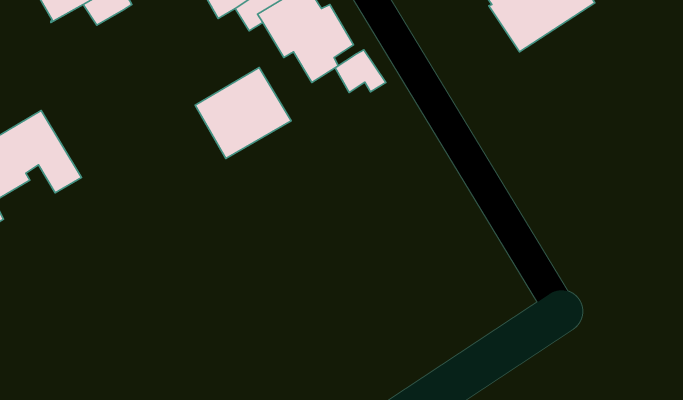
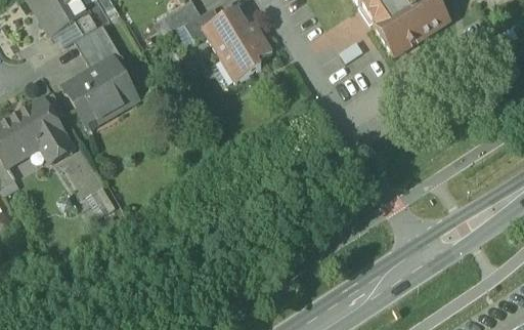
building: none -> [75,24,116,61]
building: [335,50,386,93] -> none
building: [195,68,291,158] -> [66,58,136,125]

